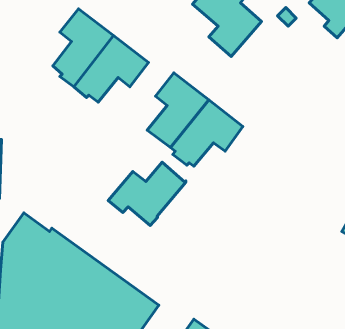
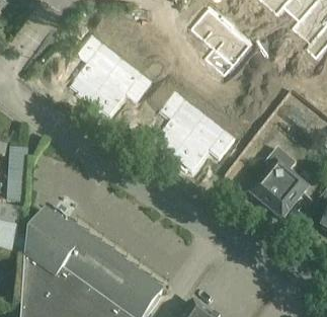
building: none -> [249,147,307,218]
building: [108,162,186,226] -> none

